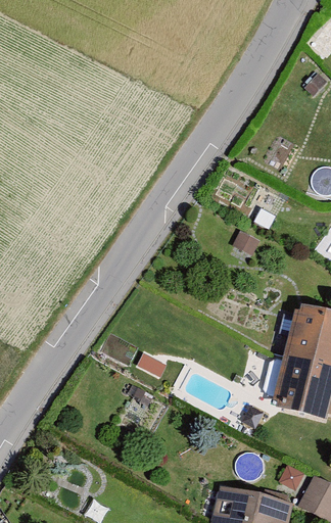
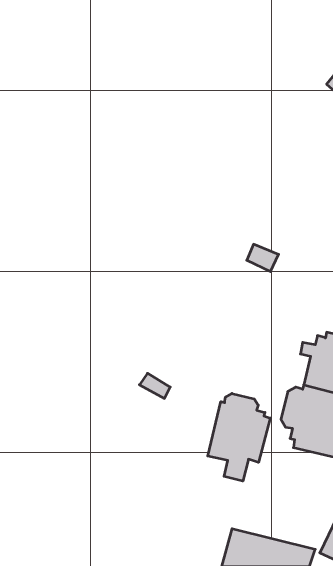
building: none -> [208,393,270,481]

